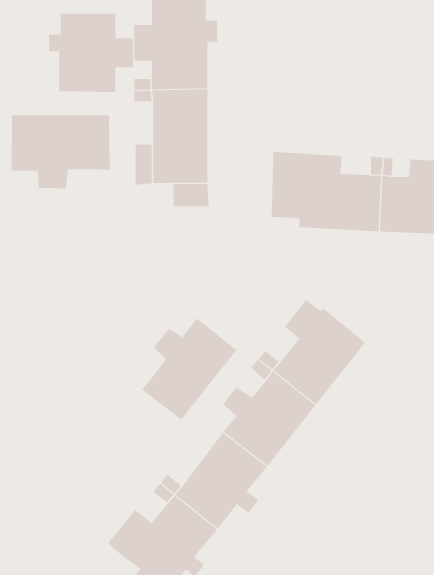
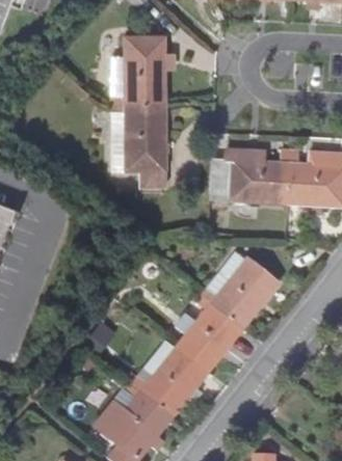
building: [49,13,133,93] -> none
building: [11,115,110,189] -> none
building: [141,317,237,421] -> none

